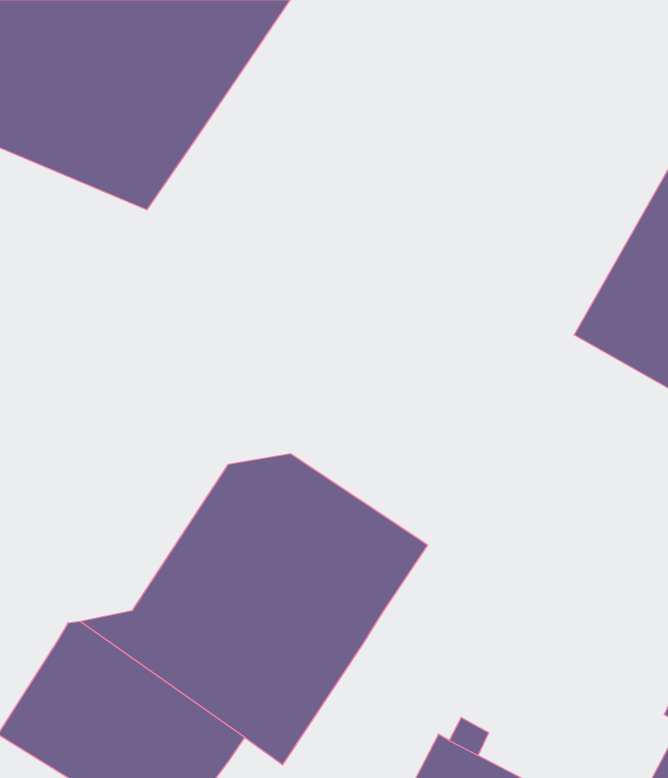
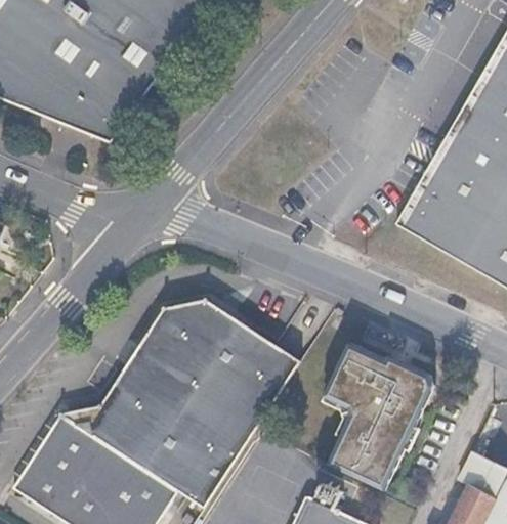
building: none -> [323,336,434,486]

